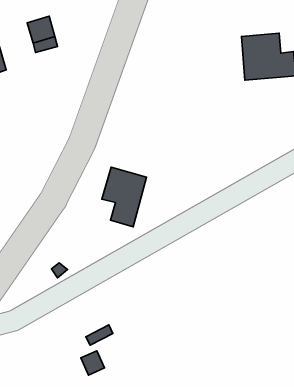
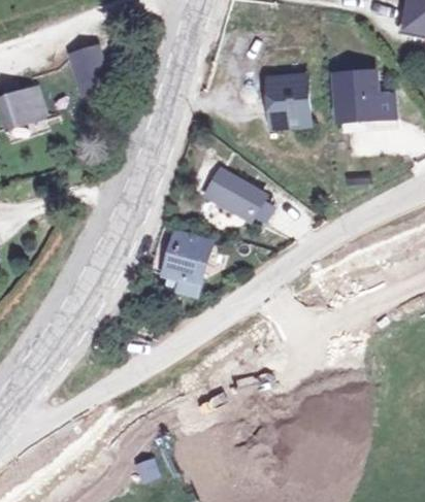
building: none -> [272,75,314,127]
building: none -> [208,173,255,212]

